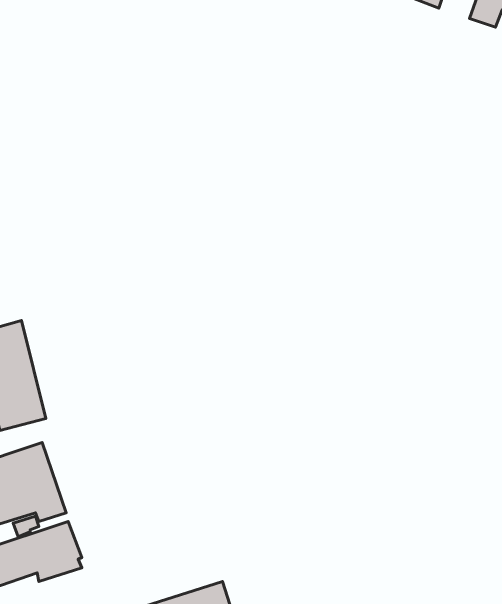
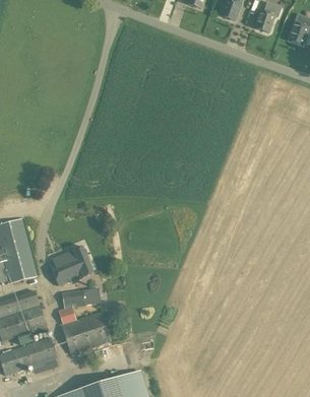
building: none -> [50,246,94,284]
building: none -> [61,288,92,309]
building: none -> [60,311,110,353]

